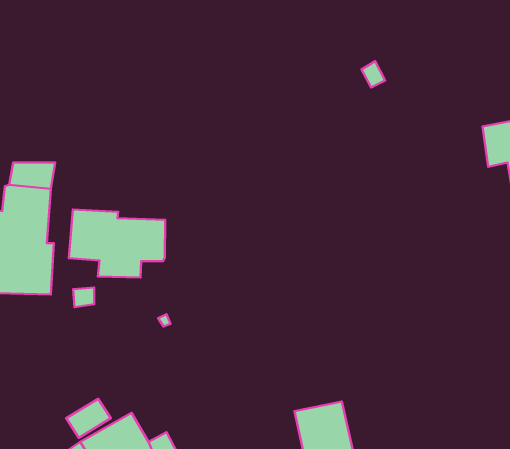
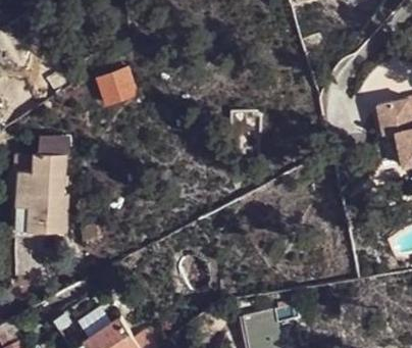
building: none -> [98,69,138,105]
building: [69,210,165,278] -> none

